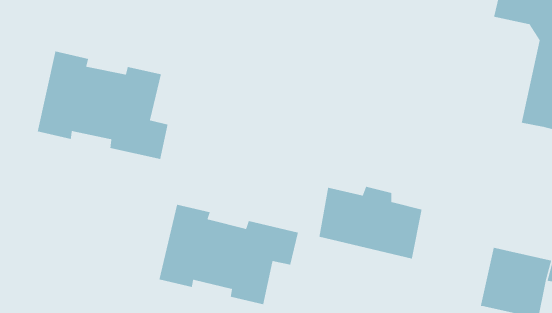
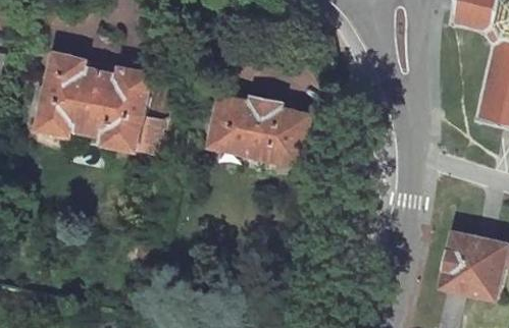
building: [319,186,422,259] -> [217,89,312,156]
building: [158,204,299,305] -> none

